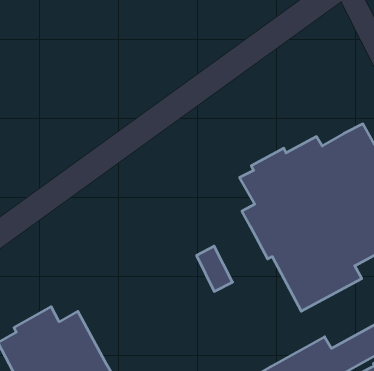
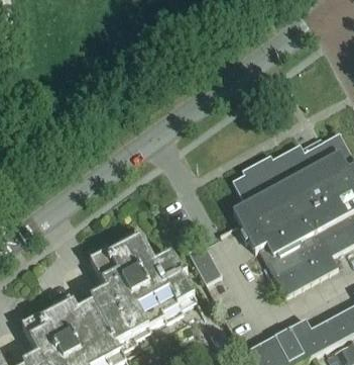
building: none -> [91,227,198,343]

